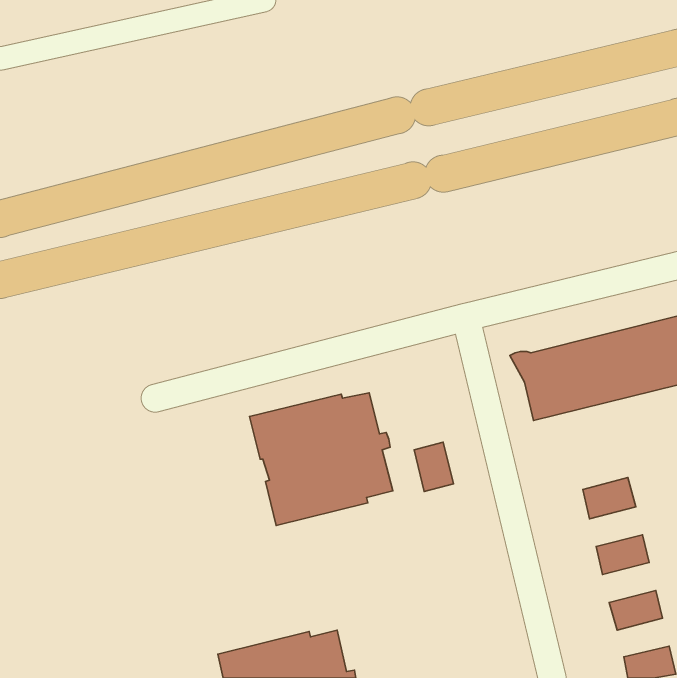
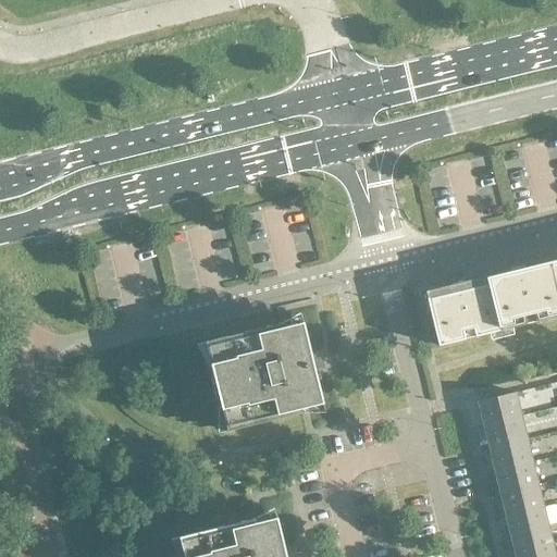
building: [414,442,453,492] -> none
building: none -> [484,416,528,448]
building: none -> [495,461,539,494]
building: none -> [507,507,549,539]

